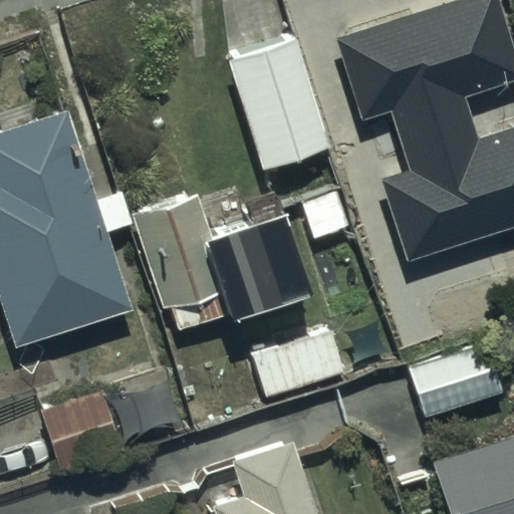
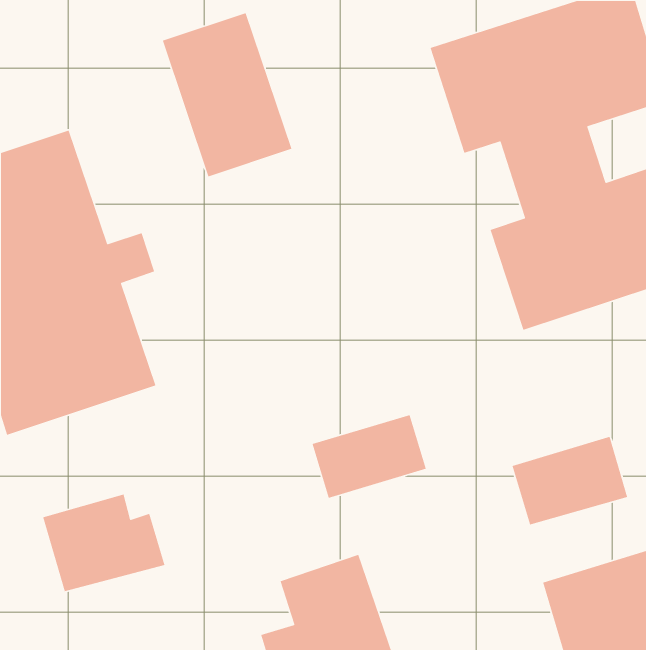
building: [224,36,326,166] -> [162,12,292,177]
building: [141,196,306,330] -> none

